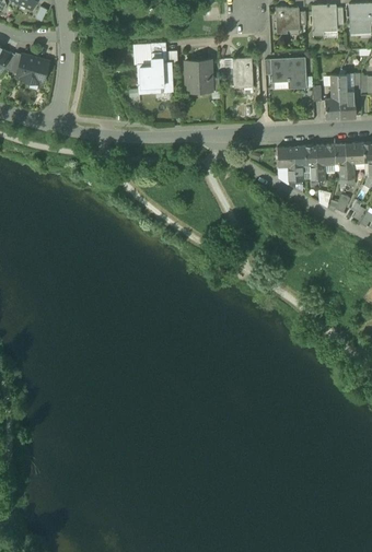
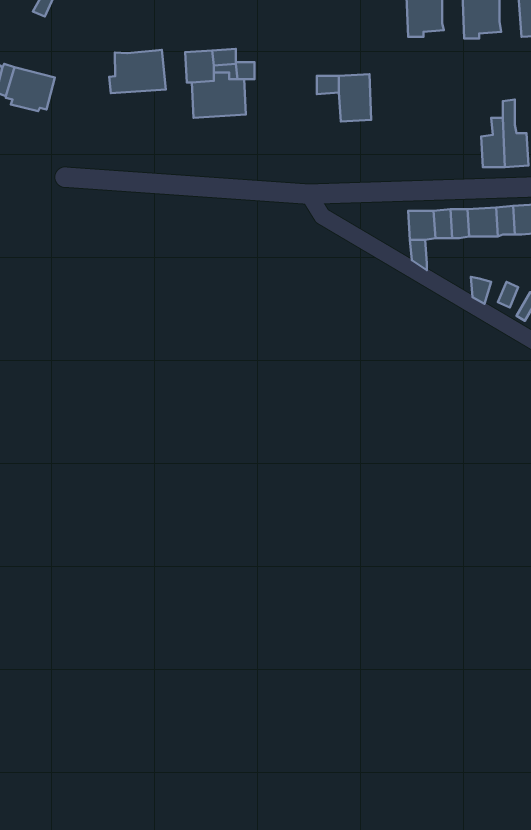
building: none -> [109,50,166,93]
building: [272,59,306,89] -> none
building: [185,61,213,92] -> none

